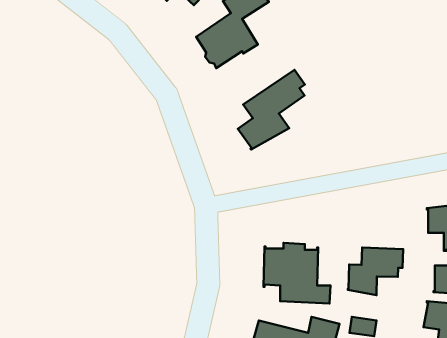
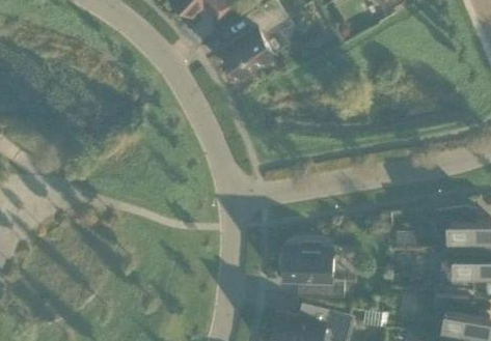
building: [238,70,305,150] -> none
building: [348,247,403,295] -> none

